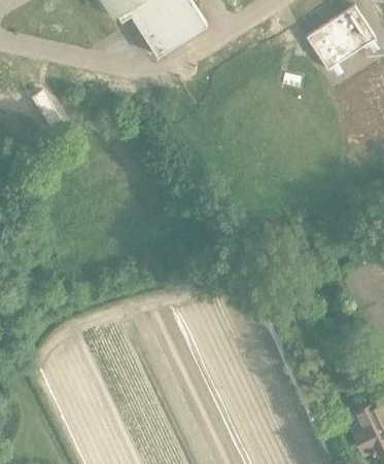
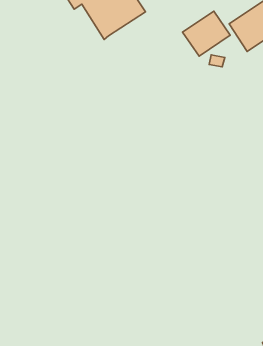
building: none -> [182,11,230,56]

